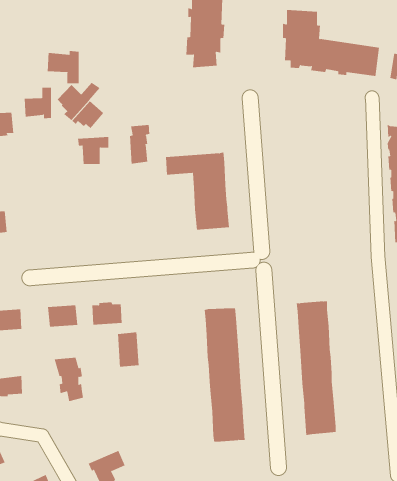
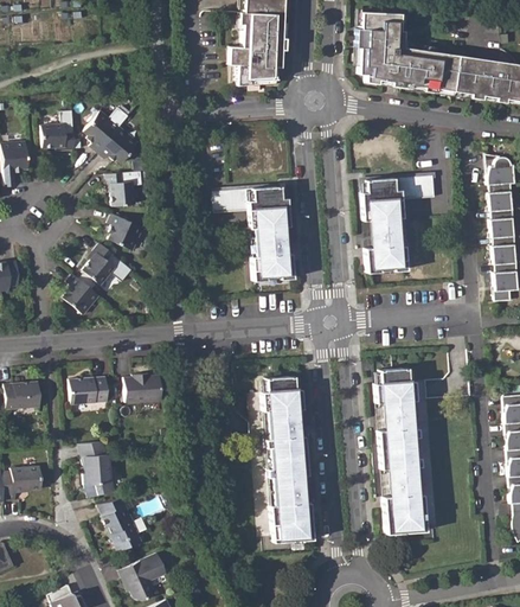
building: [47,50,79,84] -> none
building: [129,124,150,165] -> none
building: none -> [361,179,436,276]
building: none -> [109,212,145,250]
building: none -> [84,242,117,283]
building: none -> [64,274,101,315]
building: [117,332,139,368] -> none
building: none -> [94,497,137,552]

